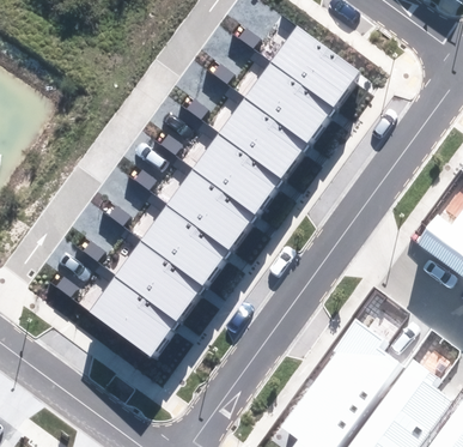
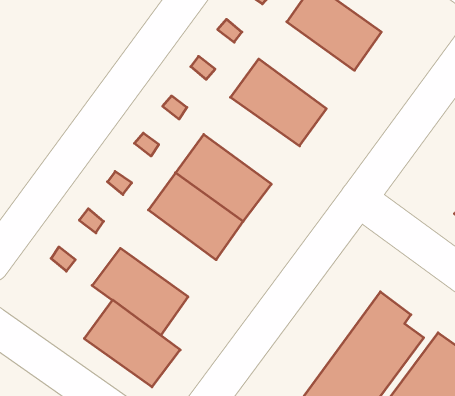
building: [245,65,335,146] -> none
building: [194,135,284,217] -> none
building: [116,241,206,322] -> [84,300,180,387]

